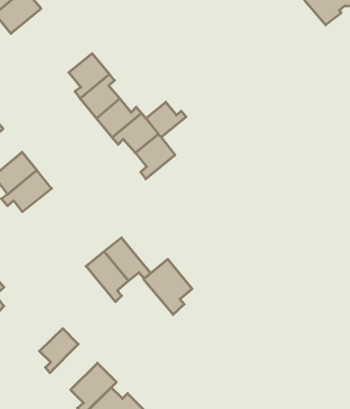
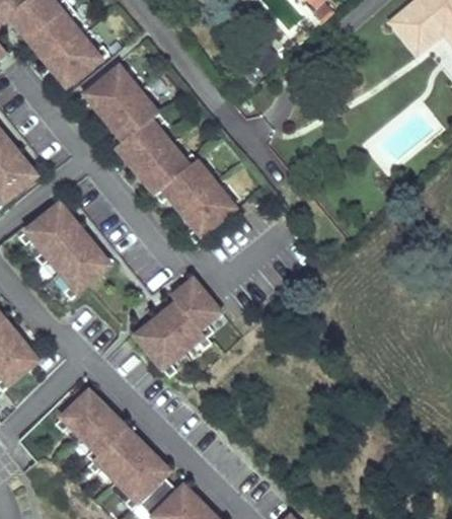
building: none -> [46,33,107,86]
building: none -> [87,62,141,108]
building: [146,102,186,137] -> none
building: none -> [59,244,110,299]
building: [144,259,192,315] -> [170,273,227,338]
building: none -> [55,389,106,435]
building: none -> [87,427,147,480]

